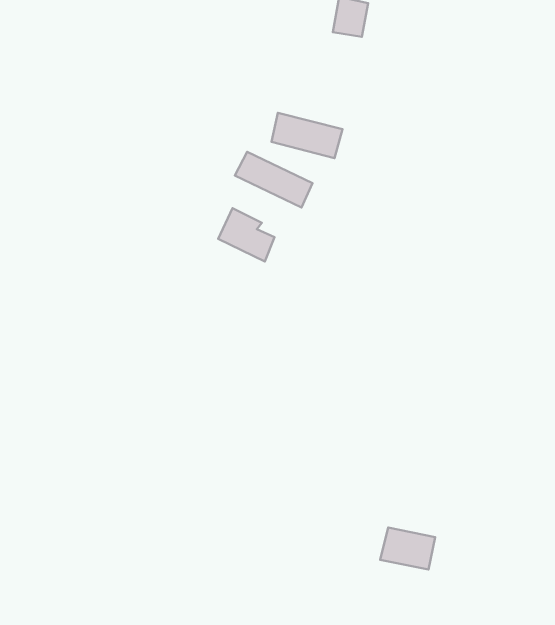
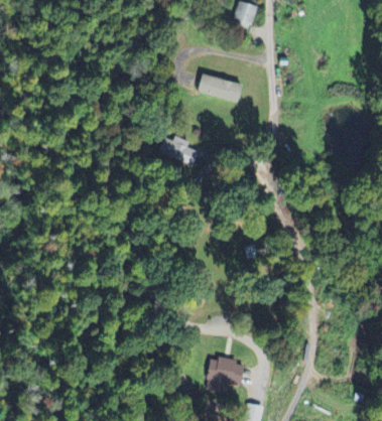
building: [235,152,312,208] -> none
building: [380,528,435,570] -> [209,357,243,383]

